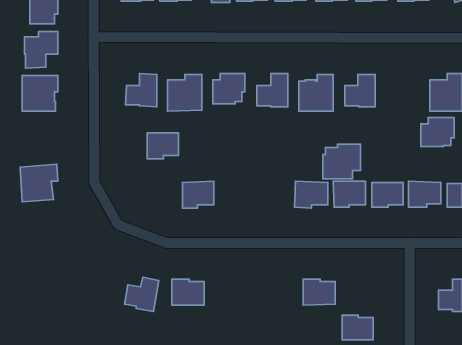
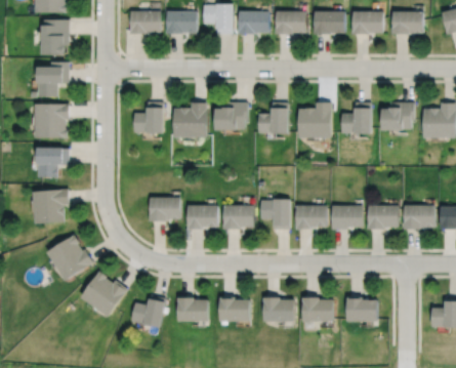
building: [421,117,454,147] -> [382,104,414,131]
building: none -> [37,148,69,177]
building: [147,133,179,159] -> [150,198,179,222]
building: [323,144,361,179] -> none
building: none -> [260,199,289,231]
building: none -> [223,205,253,230]
building: none -> [46,236,93,282]
building: none -> [80,272,128,318]
building: none -> [263,297,294,322]
building: none -> [219,298,250,322]
building: [342,315,373,340] -> [347,298,377,322]

